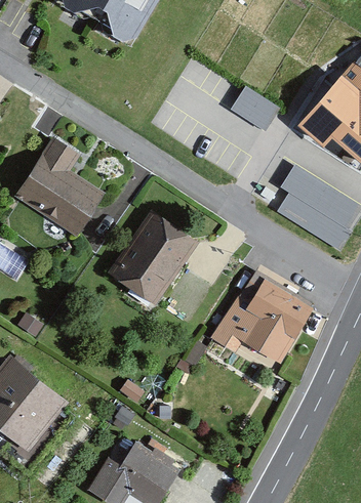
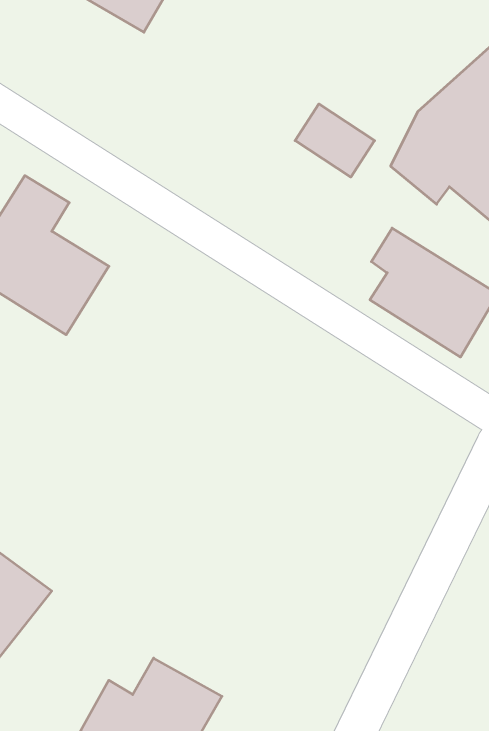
building: [109,209,199,305] -> none
building: [209,267,317,365] -> none

